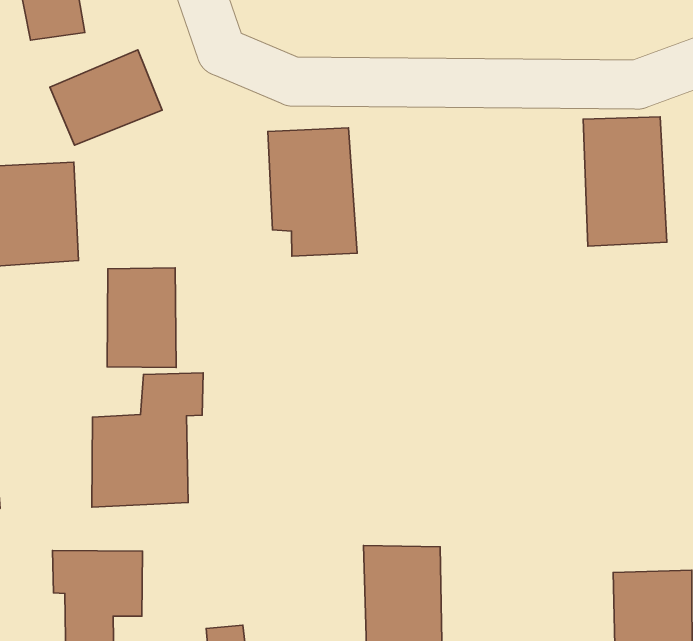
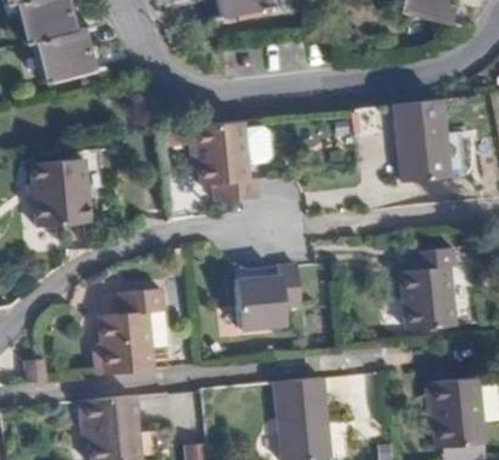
building: [50,50,162,145] -> none
building: [107,268,176,367] -> none
building: none -> [403,238,459,326]
building: none -> [239,266,301,336]

